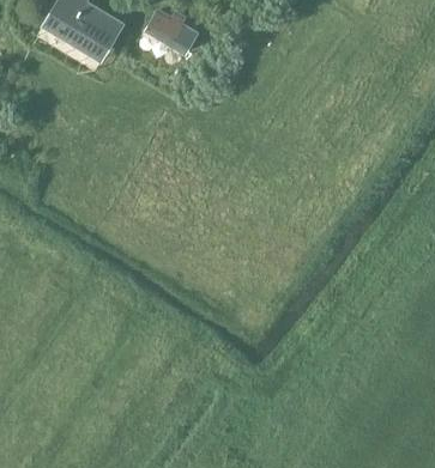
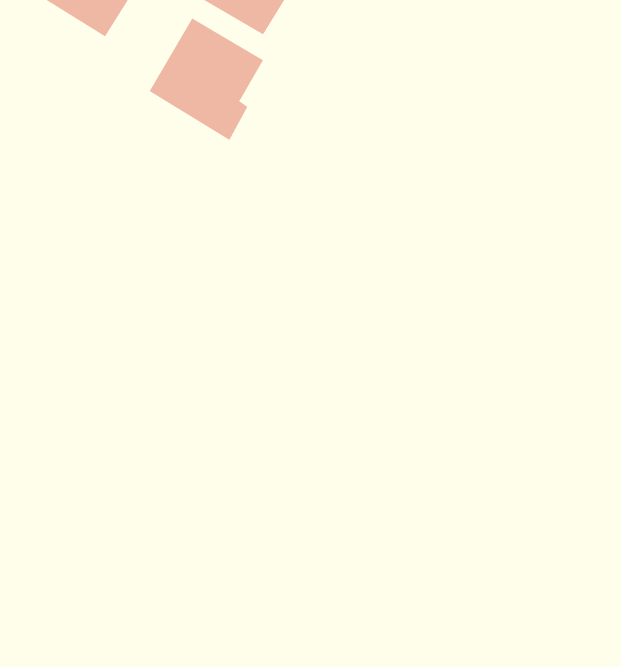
building: none -> [149,18,264,141]

